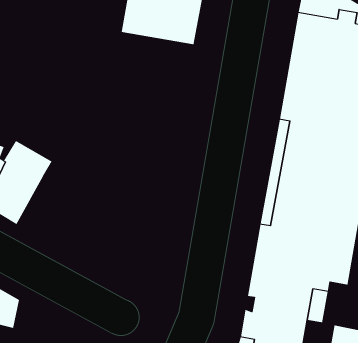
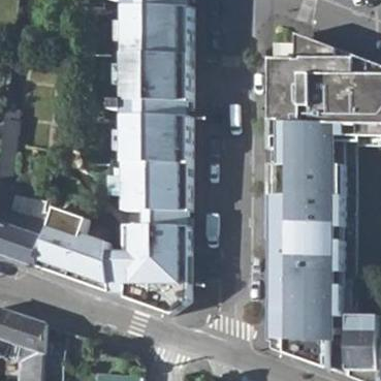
building: none -> [124,116,188,212]
building: none -> [66,231,107,290]
building: none -> [123,225,187,312]

